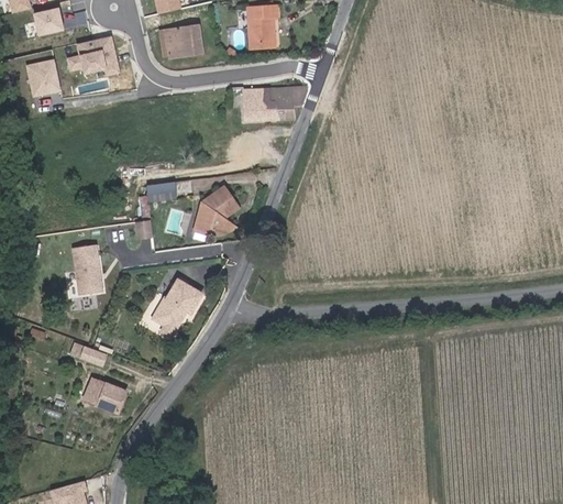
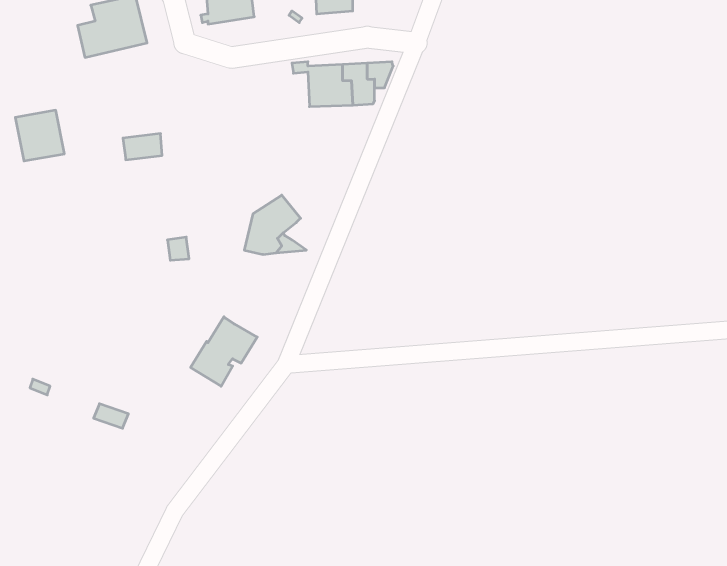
building: [24,56,62,95] -> [15,110,64,161]
building: [145,182,175,201] -> [123,134,162,160]
building: [70,243,100,294] -> none
building: [82,376,125,412] -> none

